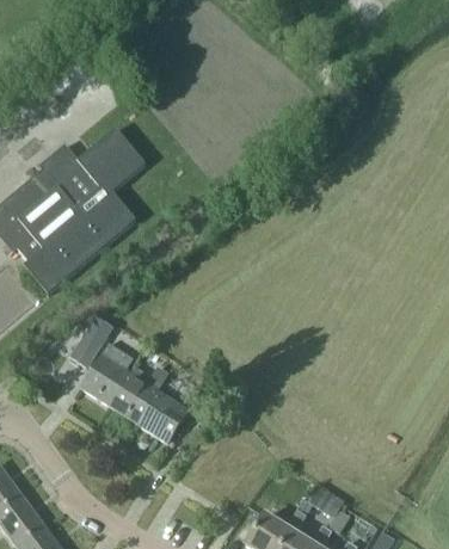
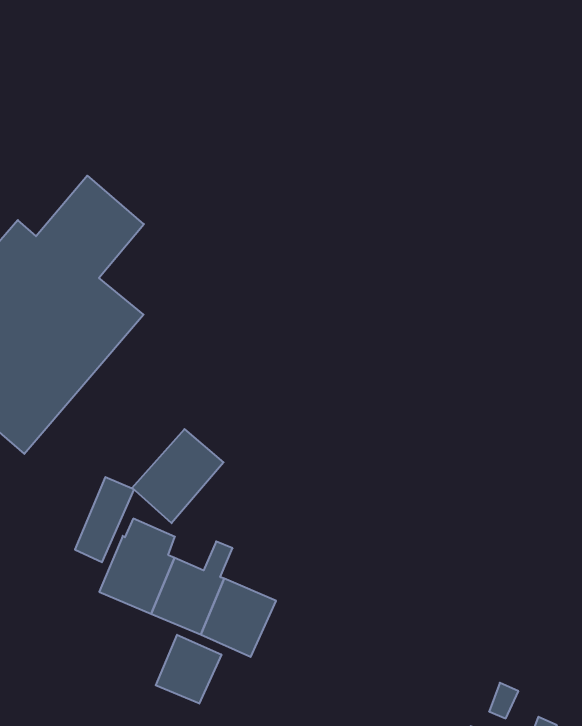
building: none -> [132,429,224,523]
building: none -> [156,635,221,704]

